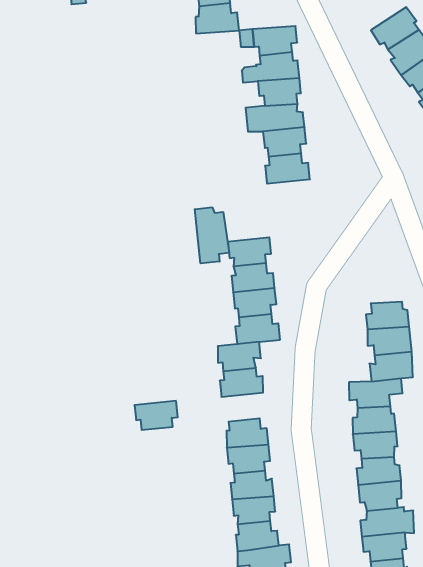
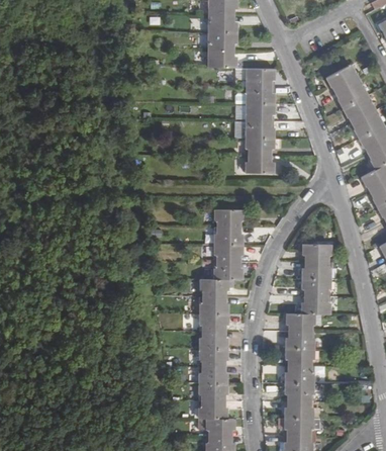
building: [195,207,229,263] -> none
building: none -> [302,243,330,262]
building: [134,401,178,430] -> [199,313,227,331]

